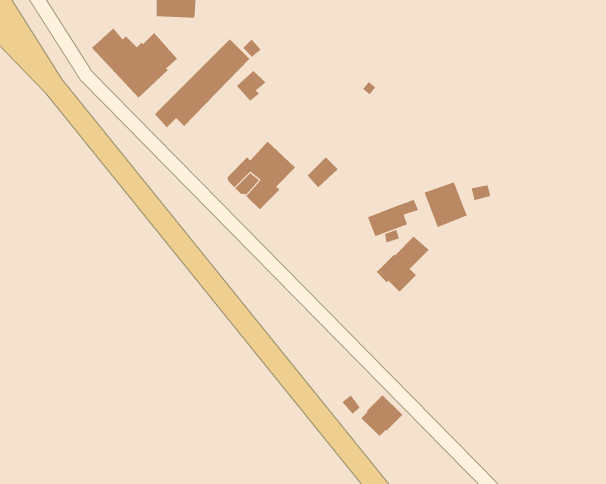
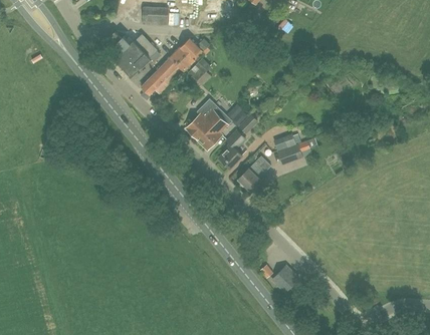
building: [424,182,467,228] -> none
building: none -> [218,129,245,168]
building: [376,236,429,292] -> [236,155,270,192]

